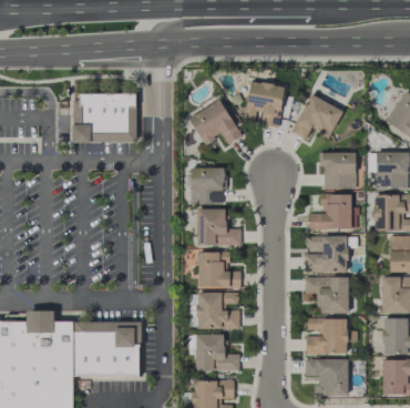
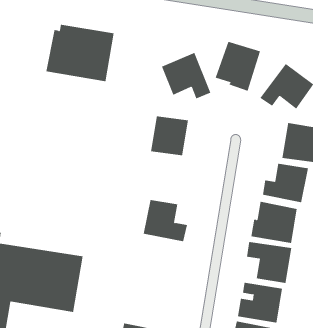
building: [196,210,240,246] -> none
building: [196,293,239,329] -> none
building: [194,335,239,371] -> none

